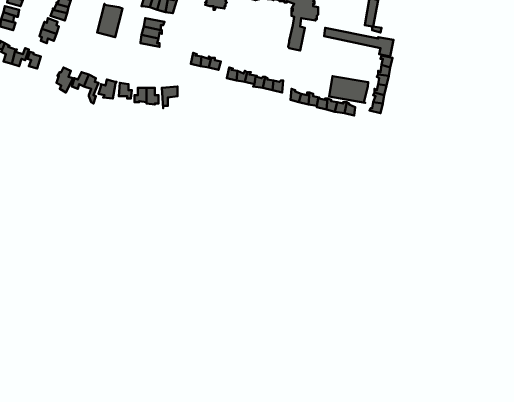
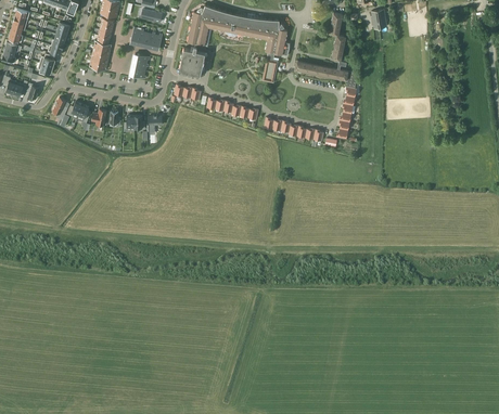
building: none -> [179,46,206,78]
building: [329,76,368,103] -> none

